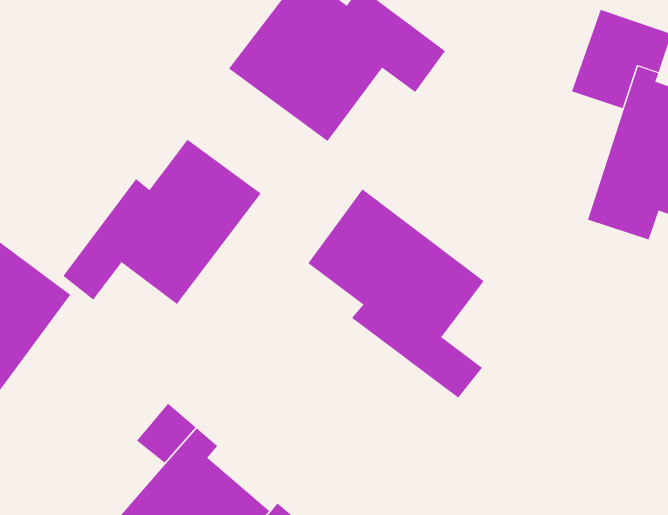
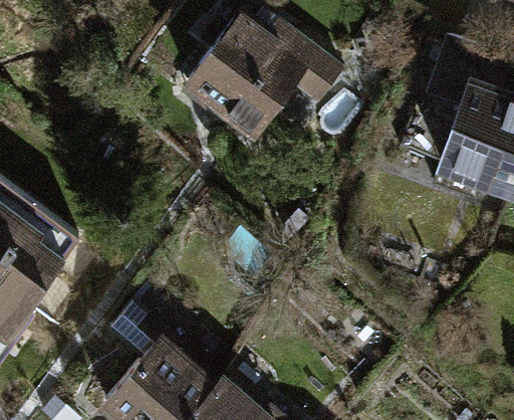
building: [63,139,261,305] -> none
building: [308,188,485,399] -> none

